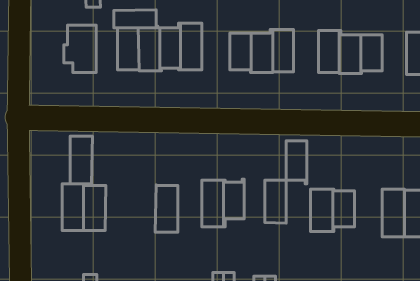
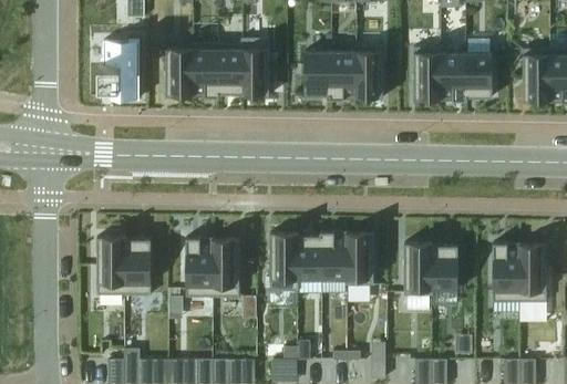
building: [114,10,158,28] -> none
building: [70,136,93,184] -> [186,238,214,297]
building: [286,141,307,184] -> [322,231,348,284]

